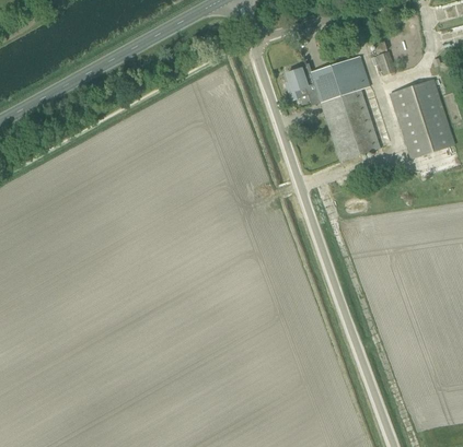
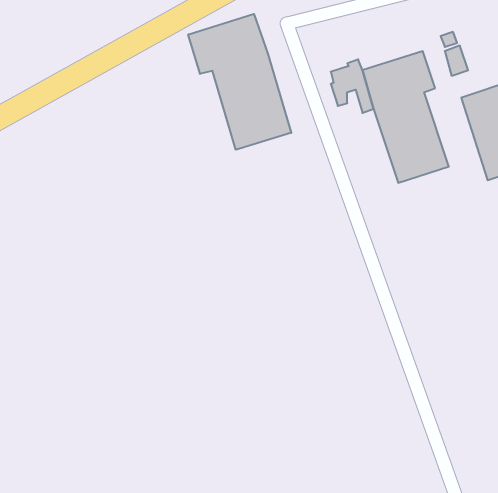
building: none -> [188,14,291,150]

